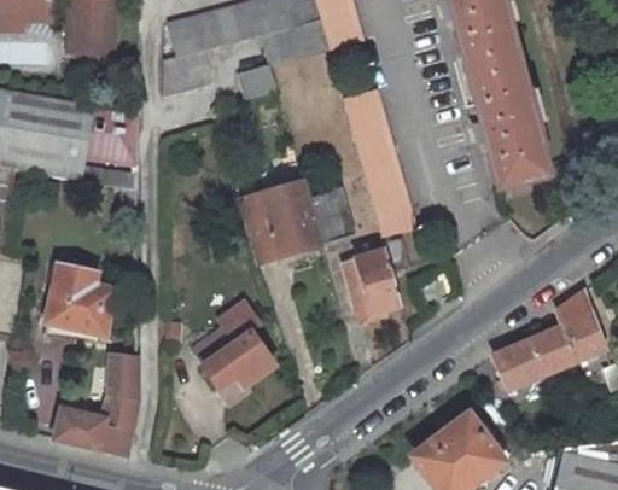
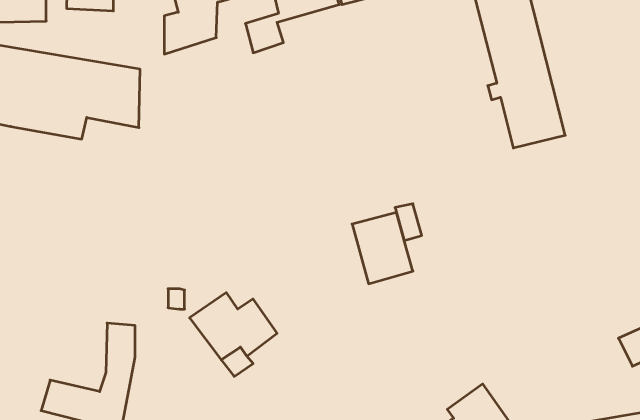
building: [346,91,415,235] -> none
building: [244,171,352,258] -> none
building: [42,258,113,331] -> none
building: [491,290,601,390] -> none

